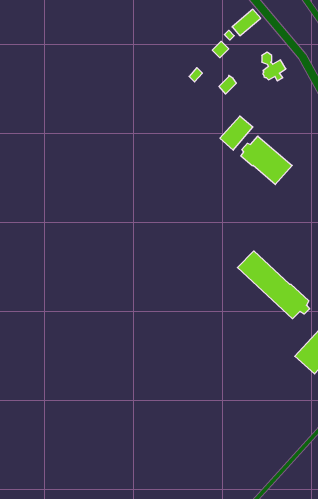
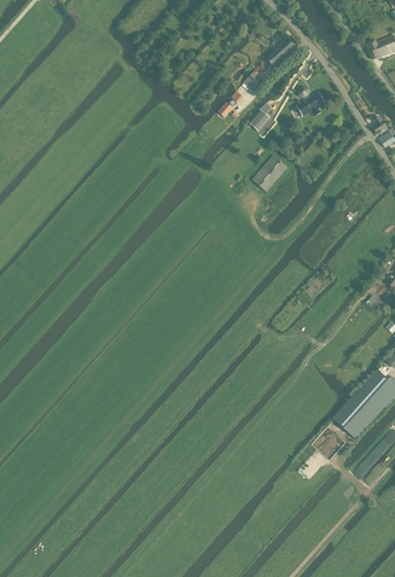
building: [241,136,292,185] -> none
building: [237,251,310,319] -> none

